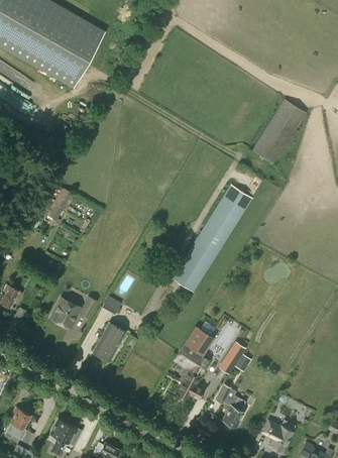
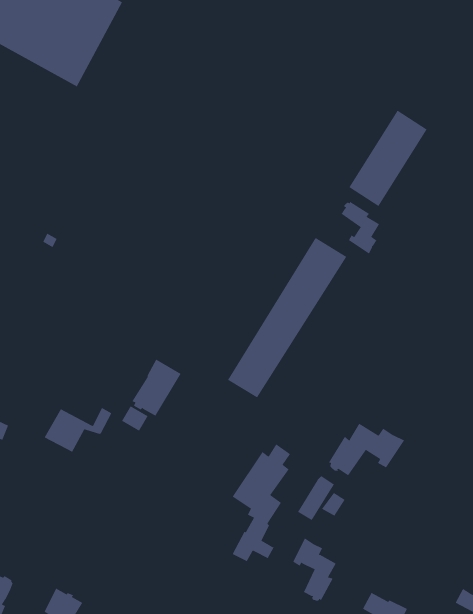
building: none -> [341,201,380,254]
building: [41,189,72,221] -> none
building: none -> [328,423,405,476]
building: [93,323,126,361] -> [132,359,182,416]

